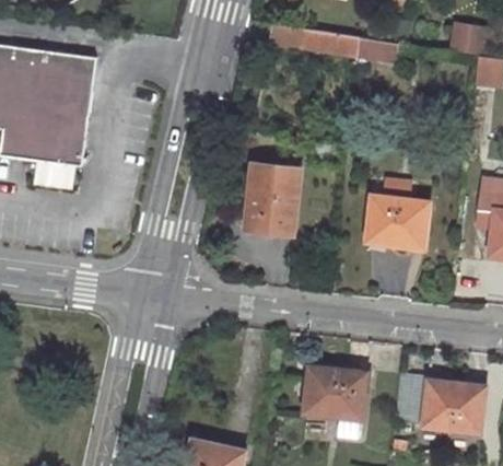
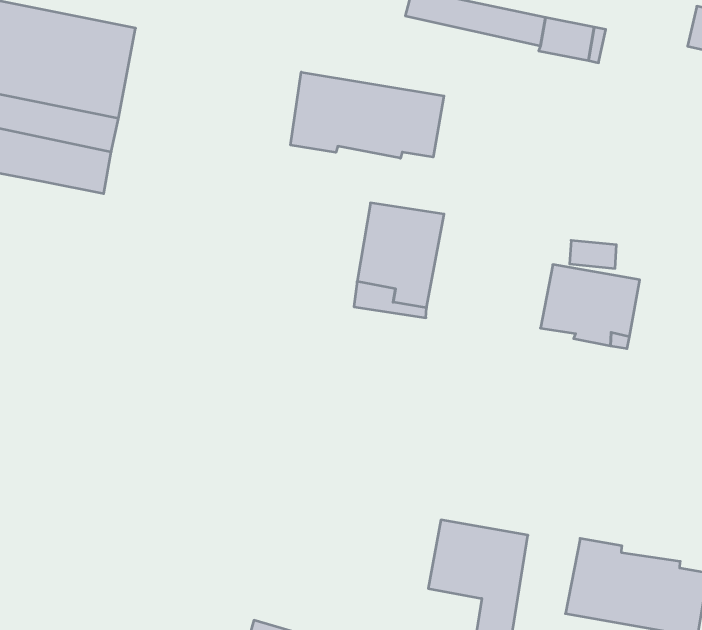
building: none -> [291,72,444,158]

